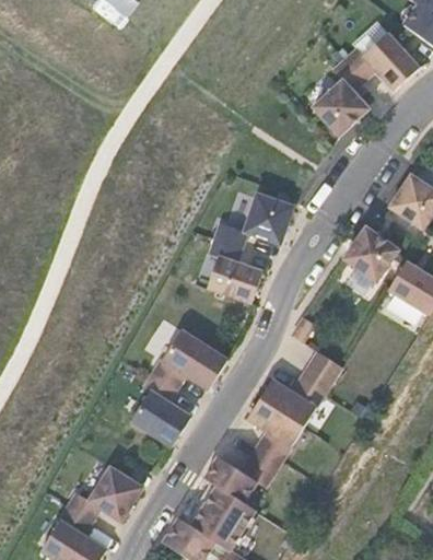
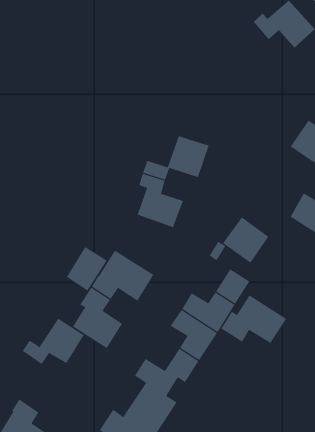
building: [312,58,367,135] -> none
building: [342,225,398,281] -> [222,217,269,264]
building: none -> [66,246,107,292]
building: none -> [221,295,287,344]
building: [67,465,141,521] -> [22,318,84,365]

